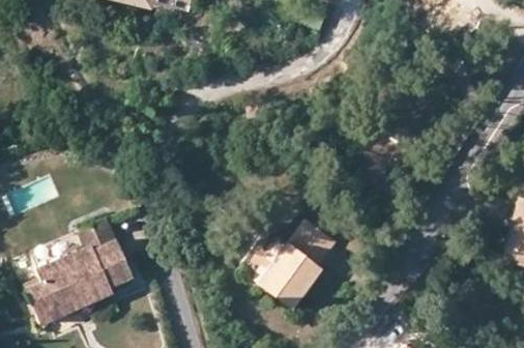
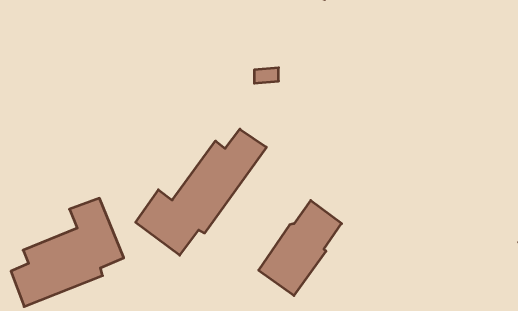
building: none -> [136,129,266,255]

